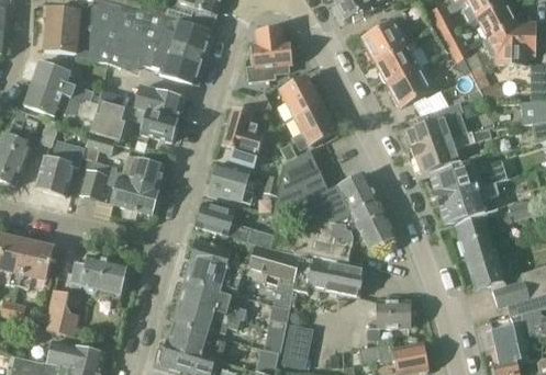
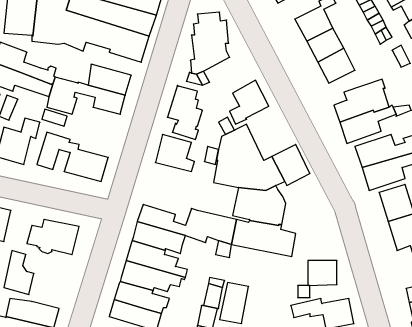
building: [281,75,321,116] -> none
building: [126,157,166,186] -> none
building: [197,202,276,247] -> none
building: [343,204,397,249] -> none

